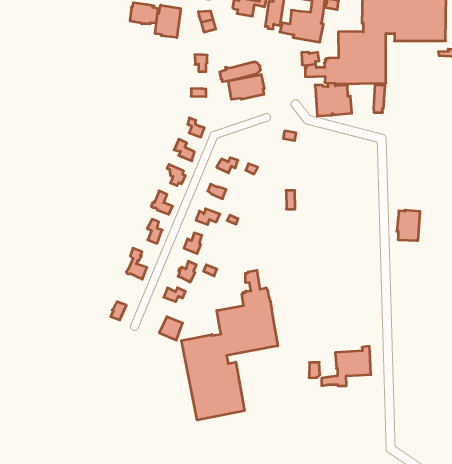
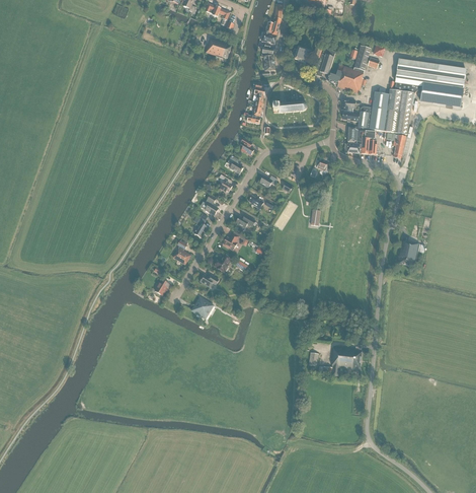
building: [155,5,181,38] -> none
building: [228,74,264,99] -> none
building: [181,270,278,420] -> none

